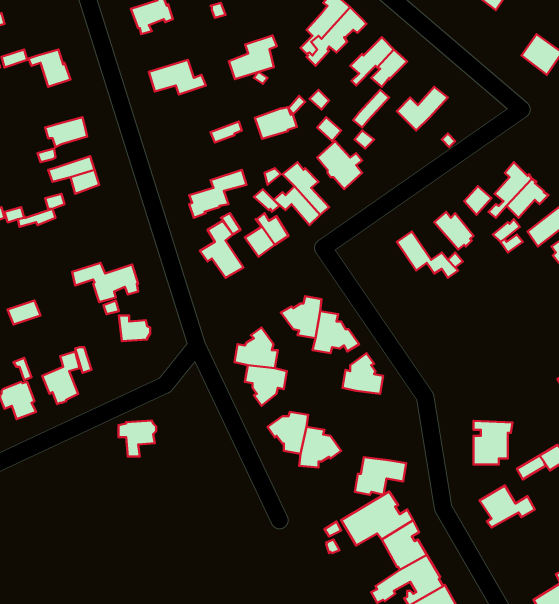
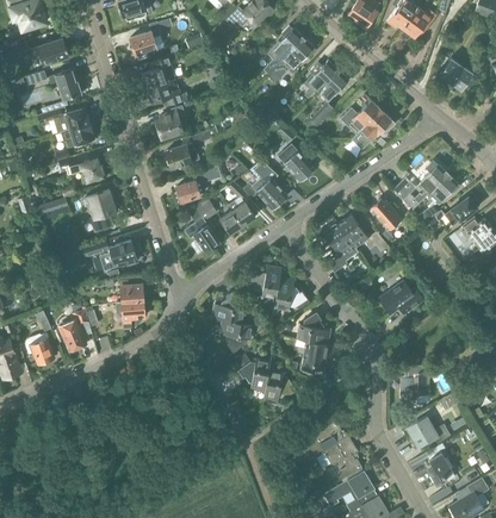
building: none -> [31,39,68,65]
building: [229,36,277,79] -> [138,54,176,88]
building: none -> [37,107,91,133]
building: none -> [155,107,184,138]
building: none -> [347,108,395,152]
building: [255,107,297,139] -> [165,143,198,168]
building: none -> [86,188,116,231]
building: none -> [324,223,358,273]
building: none -> [378,280,423,313]
building: [119,421,156,457] -> [116,300,145,329]
building: [355,457,406,495] -> [300,341,341,370]
building: none -> [424,443,460,488]

